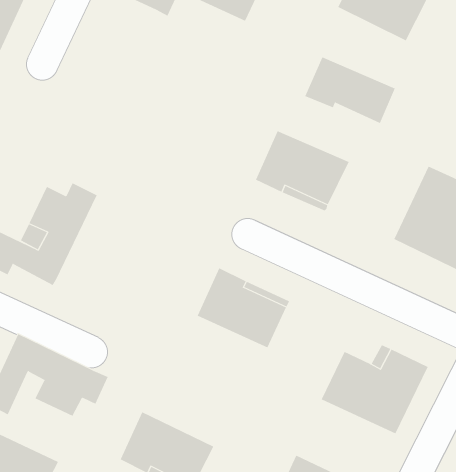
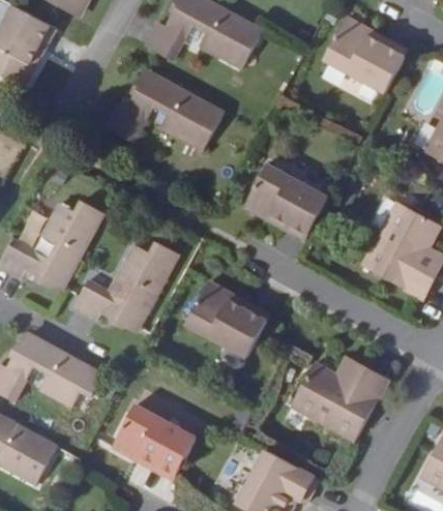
building: none -> [106,67,224,150]
building: [304,56,395,124] -> none
building: none -> [72,242,179,331]

